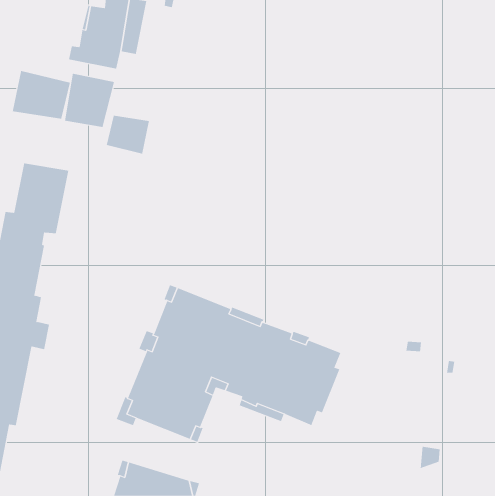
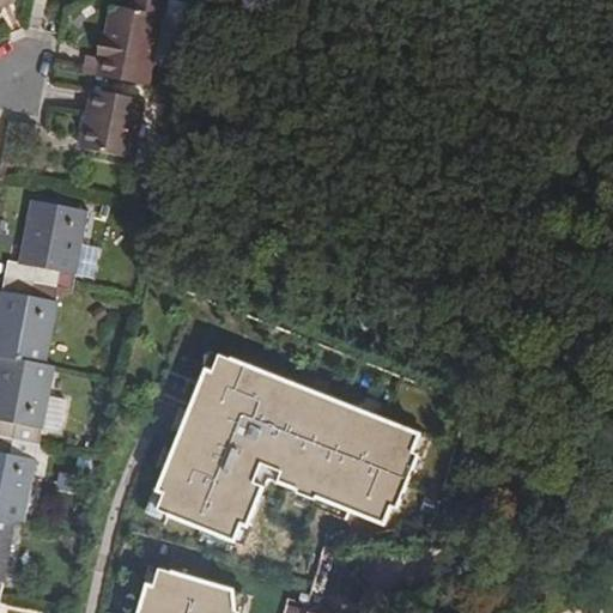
building: [12,70,70,120] -> none
building: [106,115,149,155] -> none

